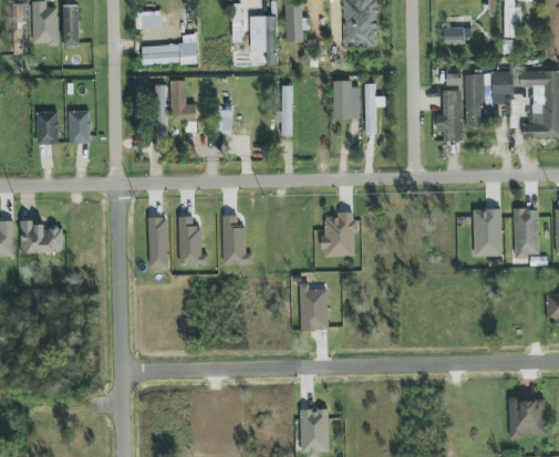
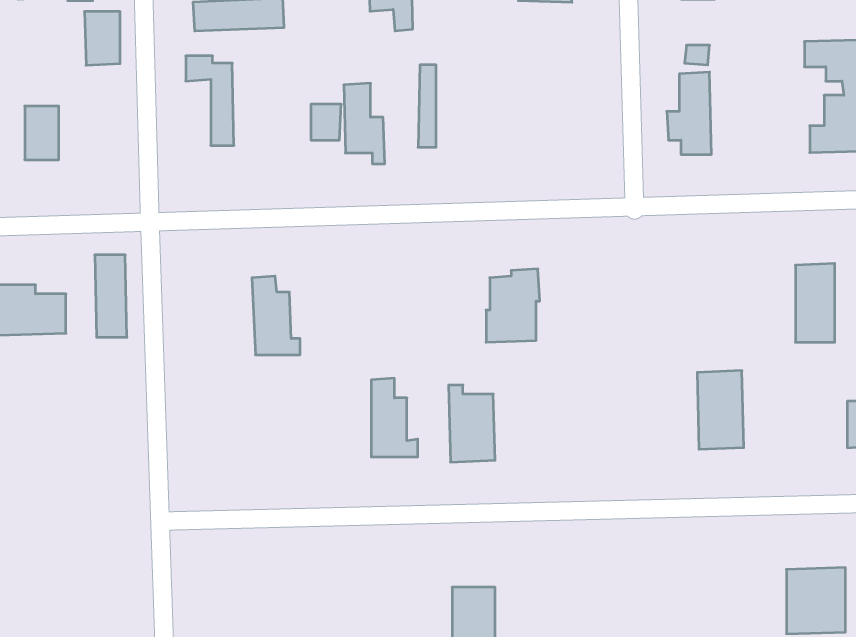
building: [465,72,514,125] -> none
building: [170,80,196,129] -> [344,83,385,164]
building: [334,80,360,120] -> none
building: [364,83,385,134] -> none
building: [69,111,91,144] -> [84,12,120,65]
building: [474,208,503,257] -> [697,371,744,449]
building: [224,215,252,263] -> [371,378,418,457]
building: [148,217,168,268] -> [95,255,127,337]

